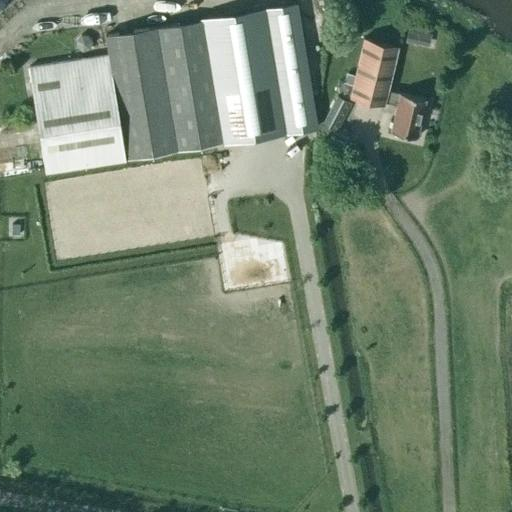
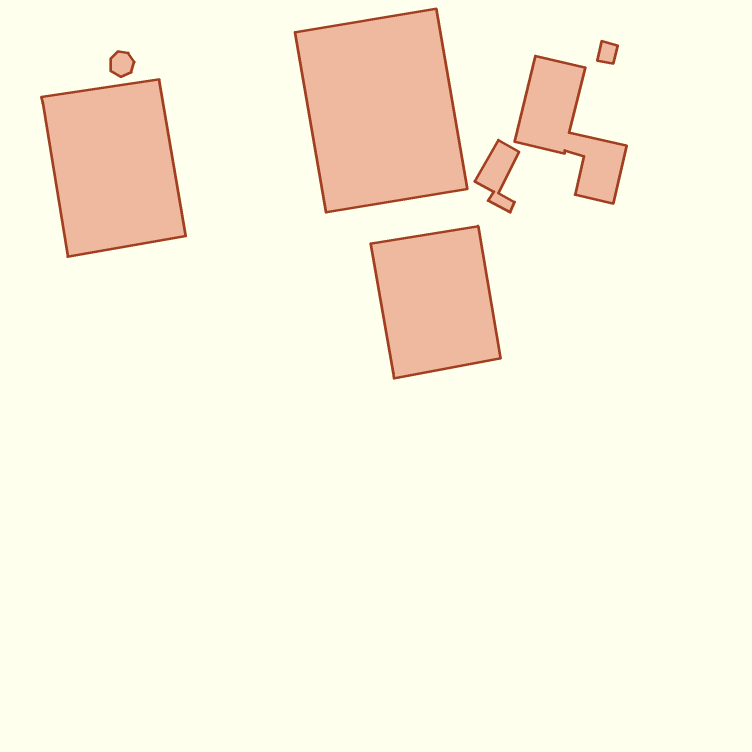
building: [106,23,222,161] -> none
building: none -> [371,226,500,378]

